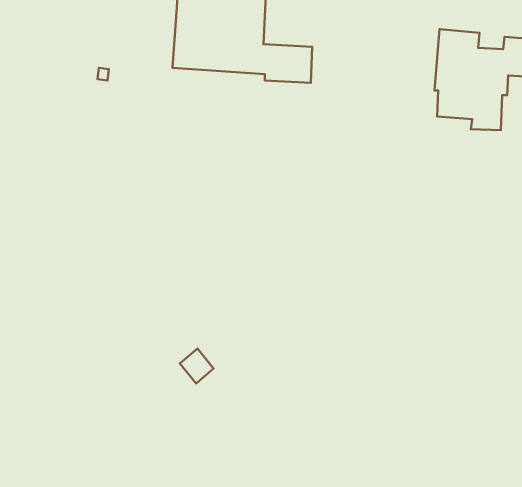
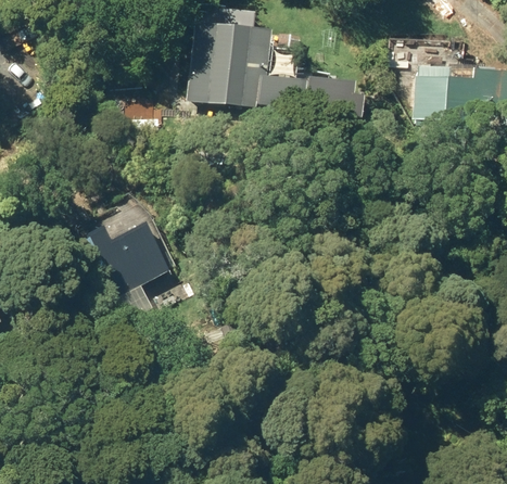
building: none -> [83,221,170,296]

